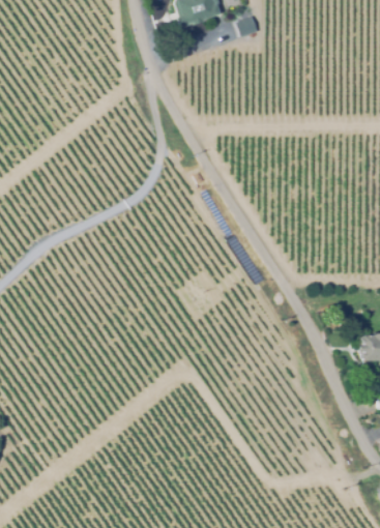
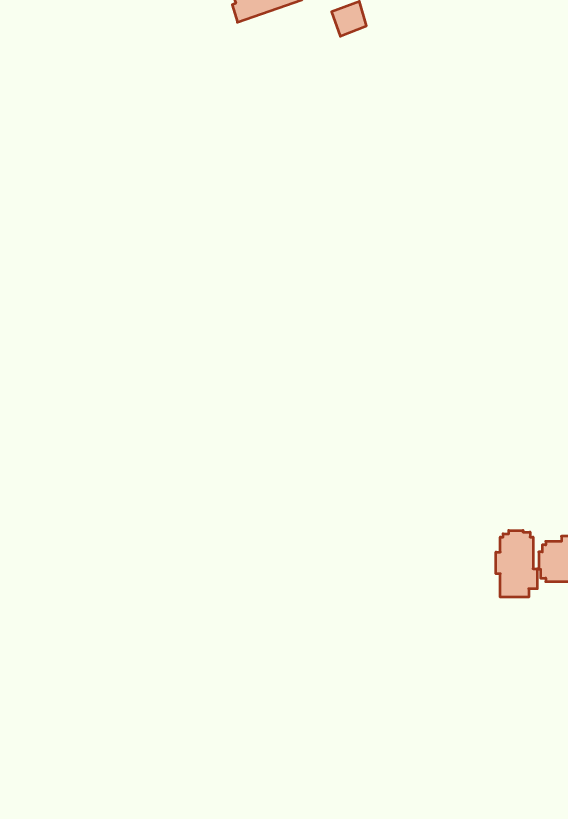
building: none -> [496,530,537,597]

